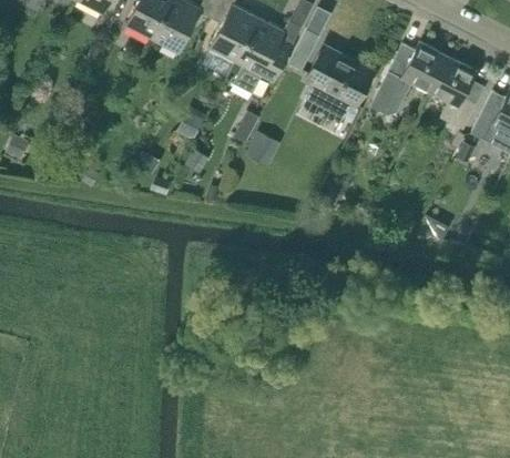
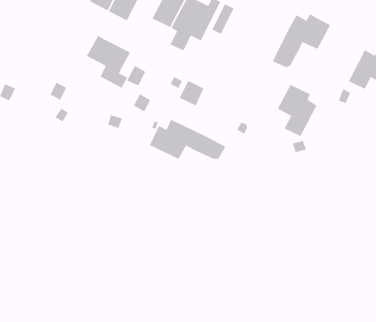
building: [306,48,370,118] -> none
building: [430,58,484,129] -> [277,84,318,137]
building: none -> [86,35,131,89]
building: none -> [149,119,226,160]

